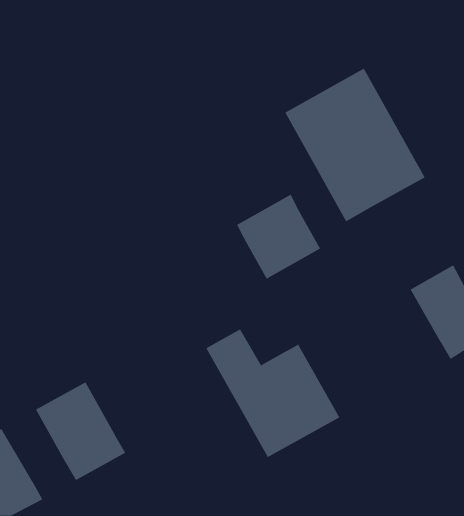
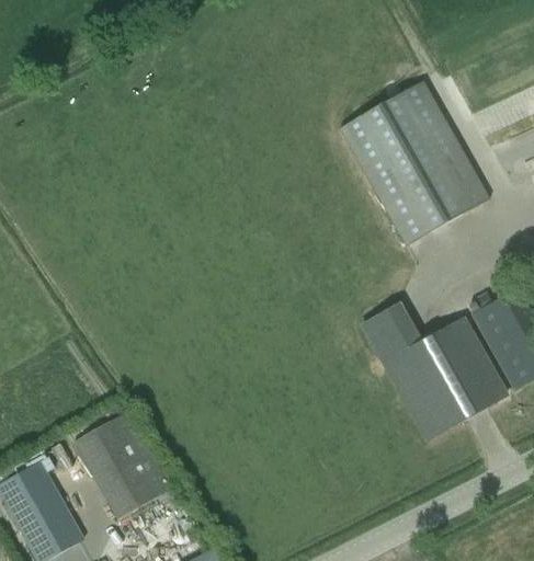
building: [236,194,321,280] -> none
building: [205,328,340,458] -> [362,301,504,438]

